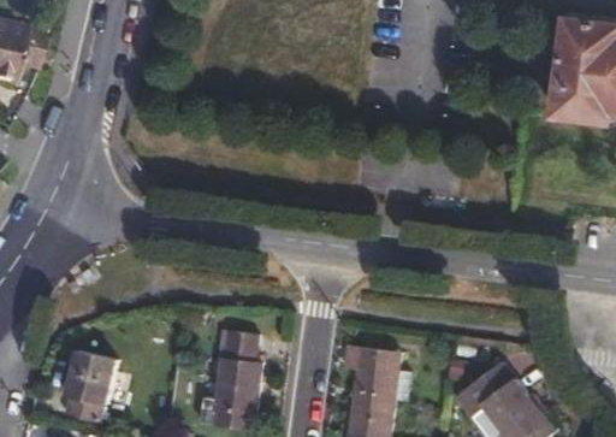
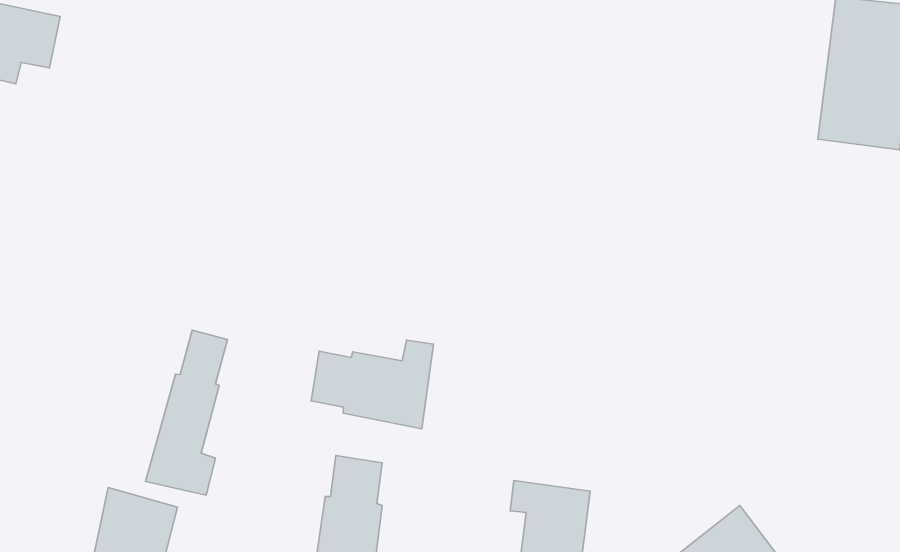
building: none -> [145,330,228,495]
building: none -> [311,340,434,429]

